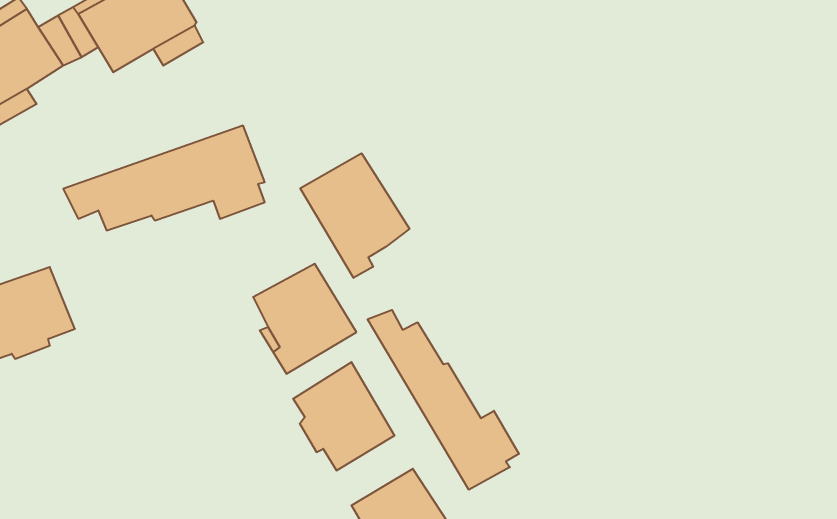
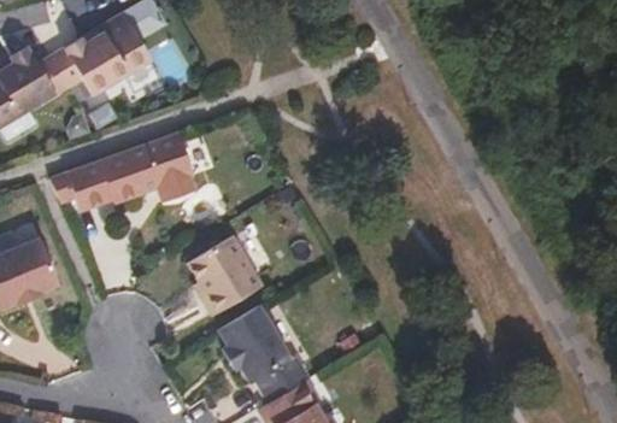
building: [300,153,409,278] -> none
building: [368,310,519,490] -> none

